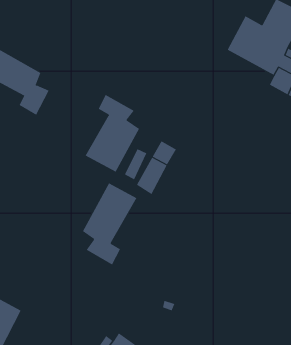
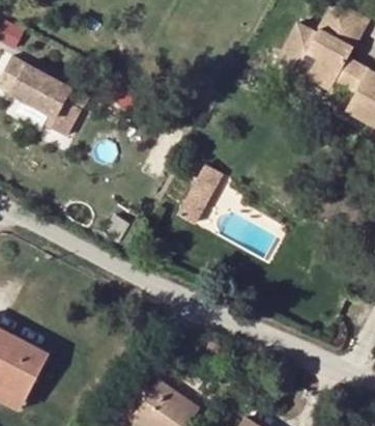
building: [85,94,140,172] -> none
building: [82,183,137,265] -> none

